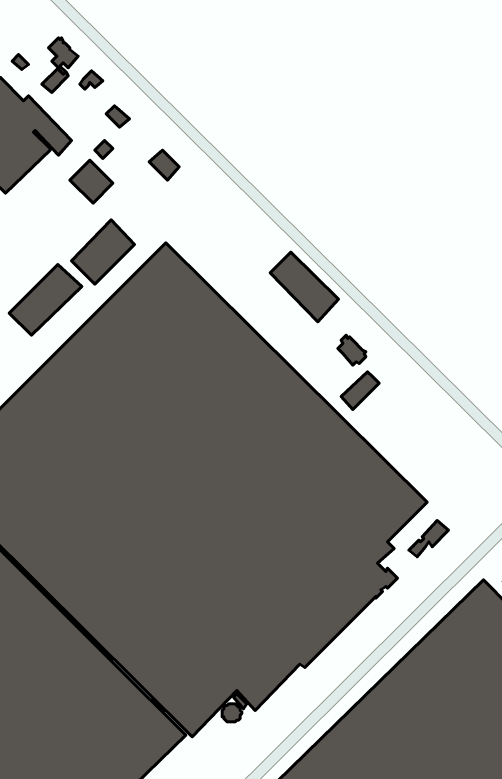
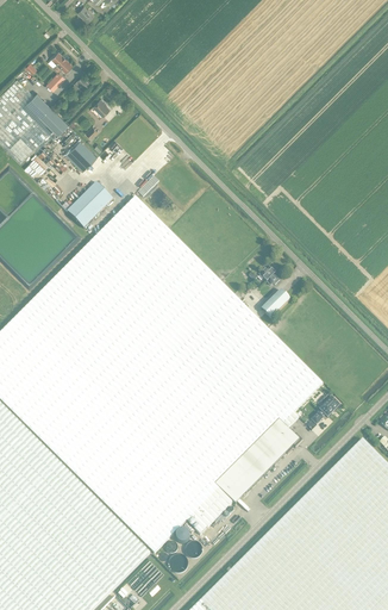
building: [270,252,338,322] -> none
building: [9,264,82,335] -> none

